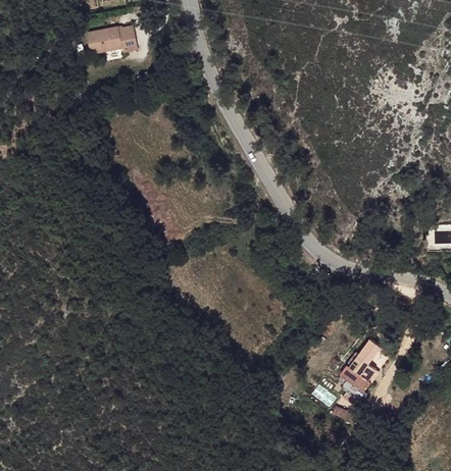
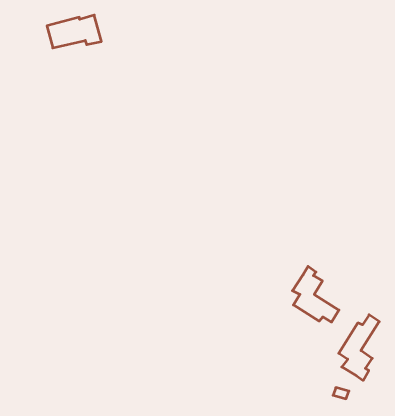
building: none -> [292,266,339,322]

